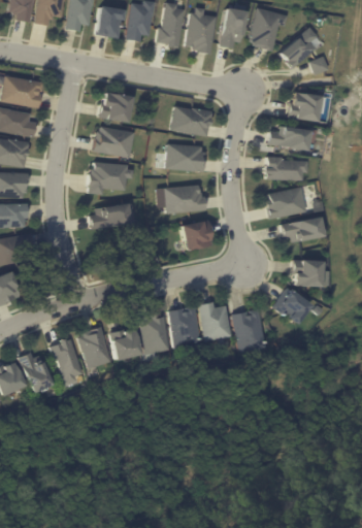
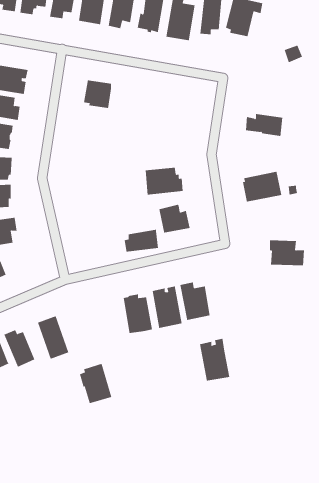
building: [277,25,319,67] -> none
building: [289,91,322,122] -> none
building: [171,107,210,137] -> none
building: [92,128,134,158] -> none
building: [166,144,204,172] -> none
building: [266,157,309,179] -> none
building: [88,161,133,193] -> none
building: [93,204,129,228] -> [124,229,159,252]
building: [282,216,324,242] -> none
building: [275,289,310,325] -> none
building: [233,309,265,354] -> [199,338,230,381]
building: [80,325,114,367] -> [79,363,112,404]
building: [112,327,143,359] -> none

